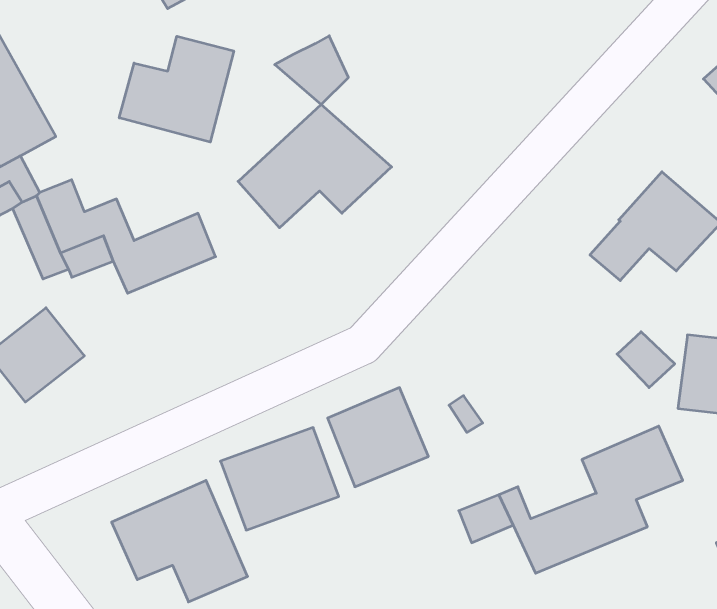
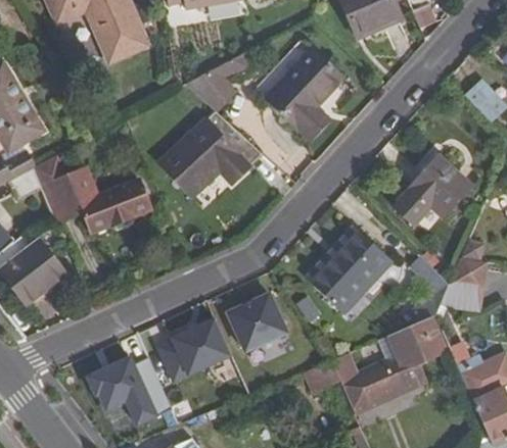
building: none -> [267,50,343,137]
building: [119,36,234,142] -> none
building: none -> [307,227,389,307]

